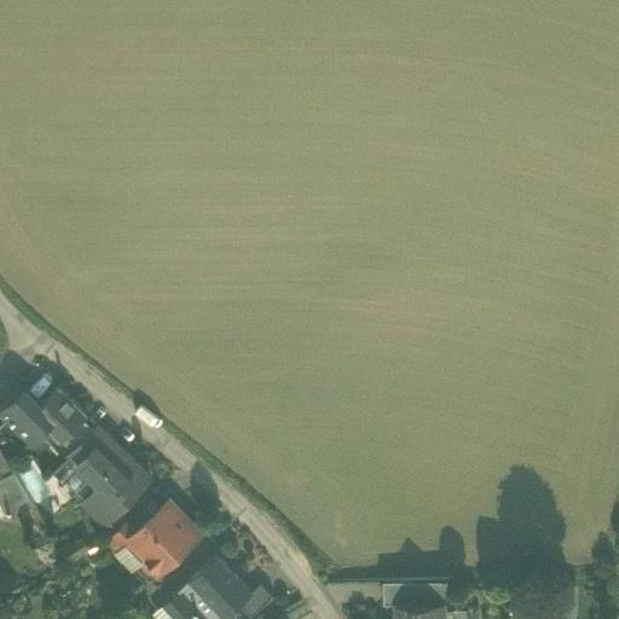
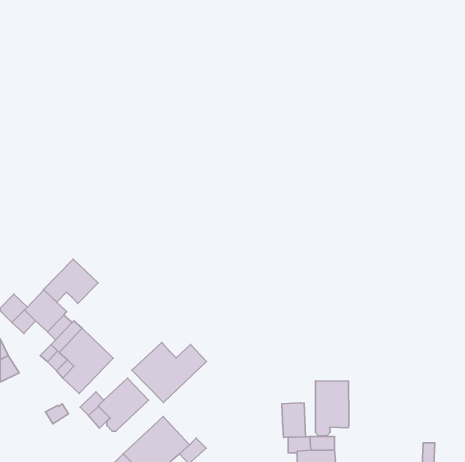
building: none -> [44,259,98,303]
building: none -> [132,342,207,402]
building: none -> [316,381,349,436]
building: none -> [282,403,305,438]

